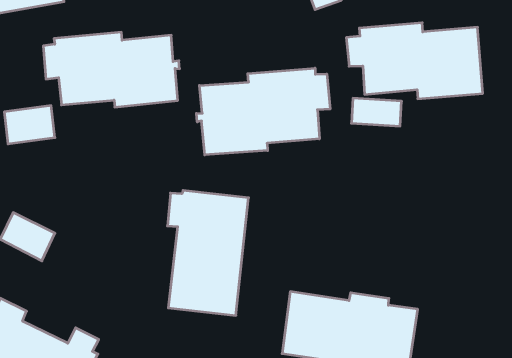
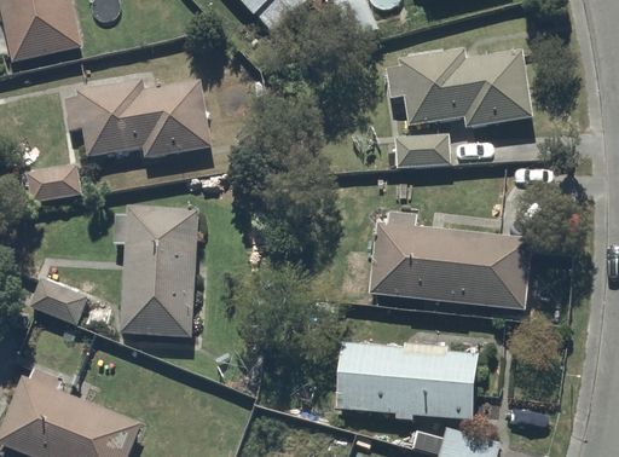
building: [196,68,330,155] -> none
building: none -> [369,212,532,312]
building: [167,190,249,315] -> [112,207,197,336]

